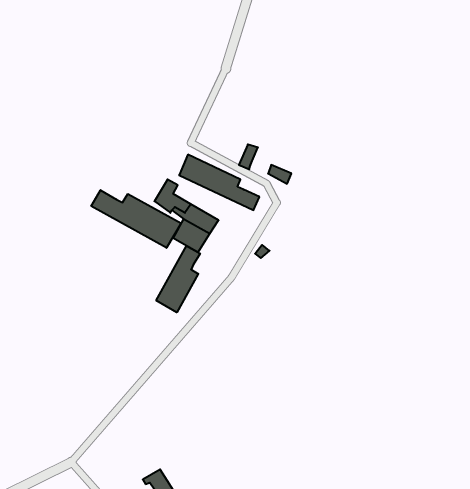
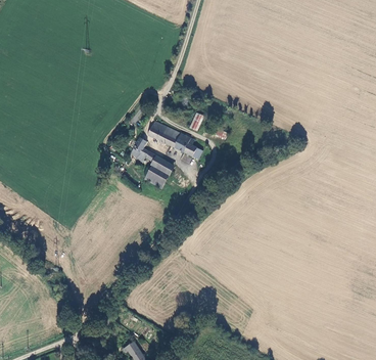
building: [91,190,181,248] -> none
building: [156,246,200,312] -> none

